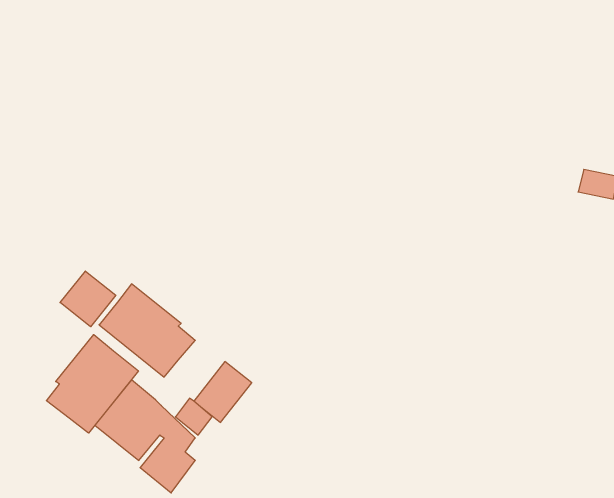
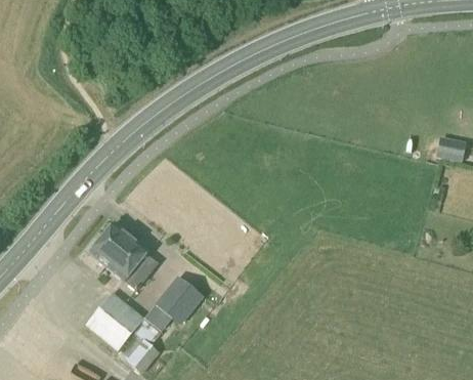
building: [60,271,116,327] -> none
building: [46,335,138,433] -> none

